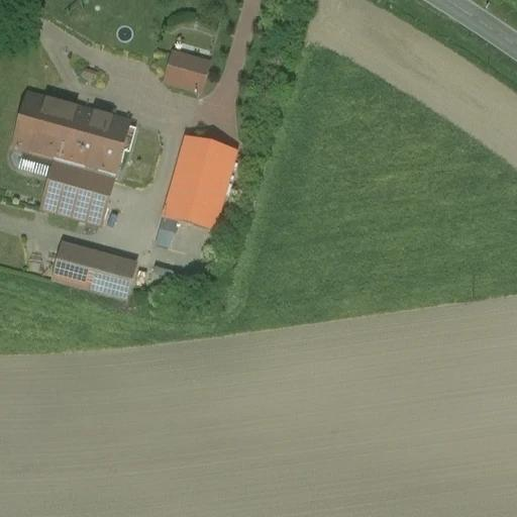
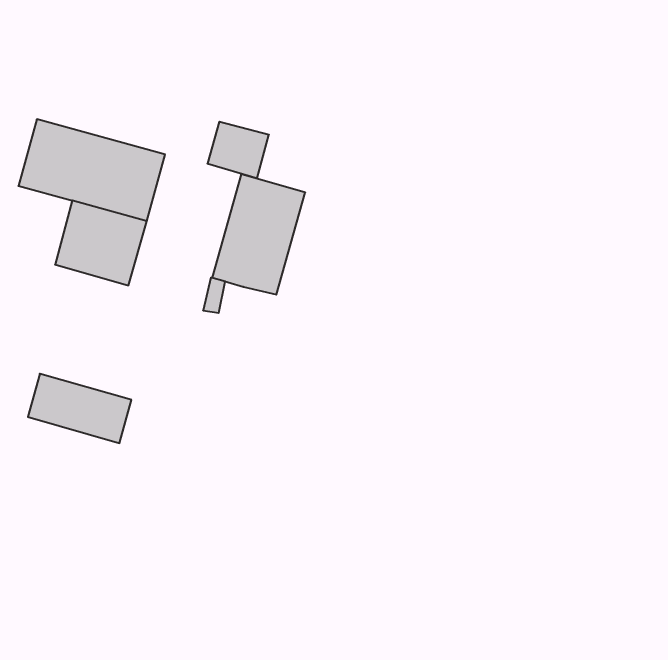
building: [164,47,211,91] -> [207,122,269,178]
building: [55,242,134,296] -> [28,374,131,443]

